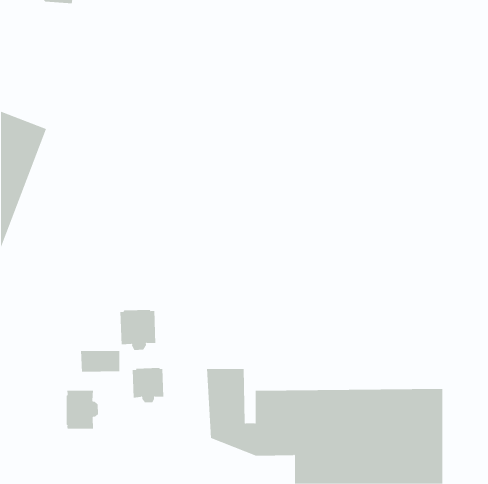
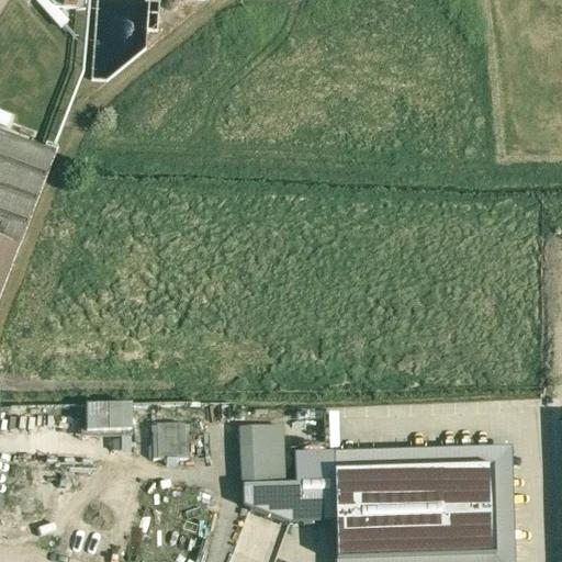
building: [120,309,156,351] -> none
building: [66,390,99,429] -> none

